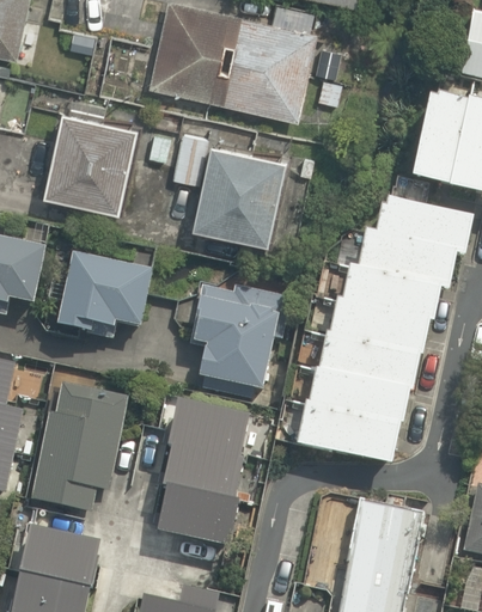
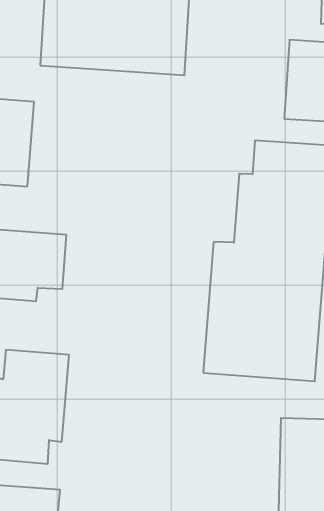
building: [169,135,283,241] -> none
building: [188,280,289,384] -> none
building: [165,402,258,549] -> none

